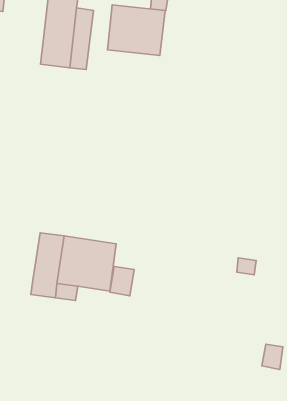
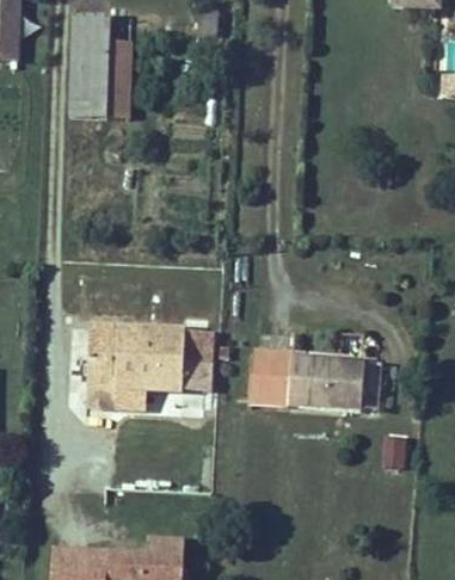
building: [108,5,165,55] -> none
building: none -> [259,350,369,411]

